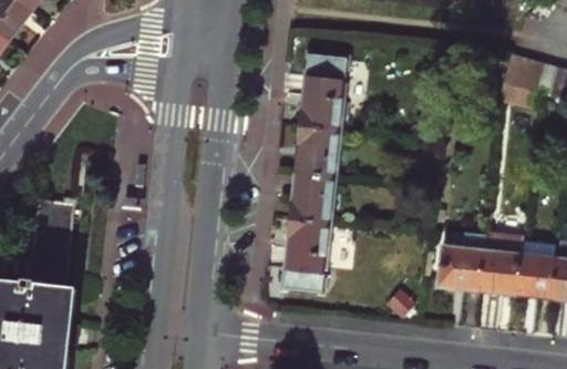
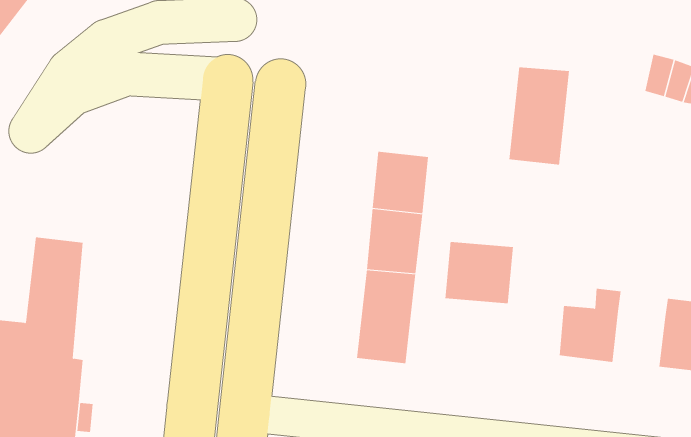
building: [299,58,347,134] -> [508,67,570,165]
building: none -> [445,241,514,304]
building: [482,237,524,297] -> none

